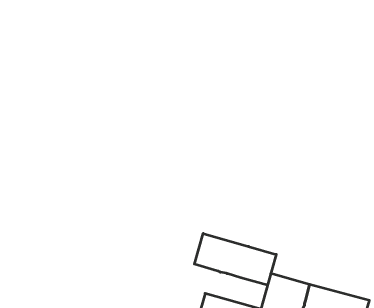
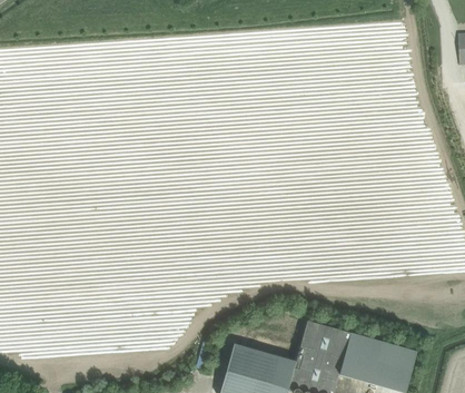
building: [194,233,276,285] -> none

